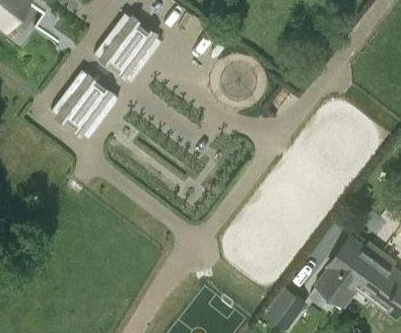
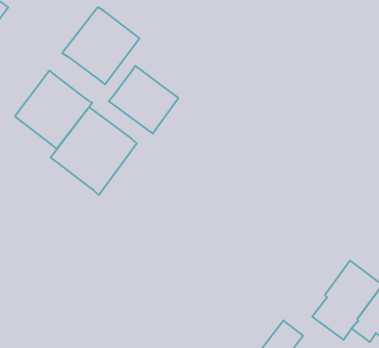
building: none -> [109,66,178,134]
building: none -> [51,107,137,195]

